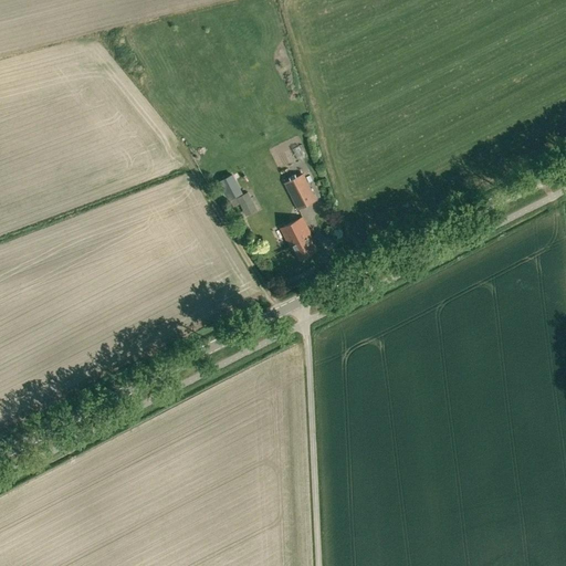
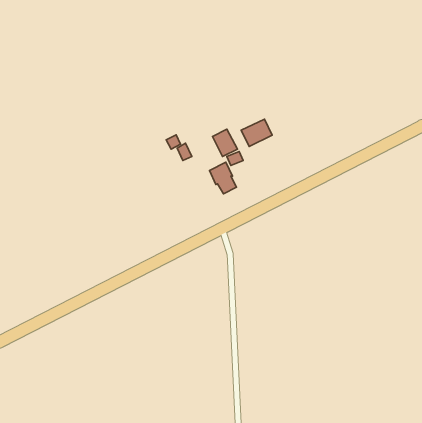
building: none -> [241,119,272,147]

